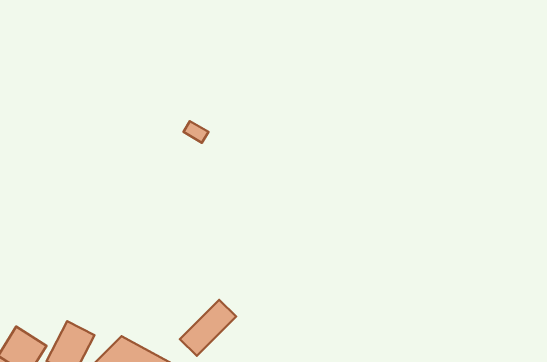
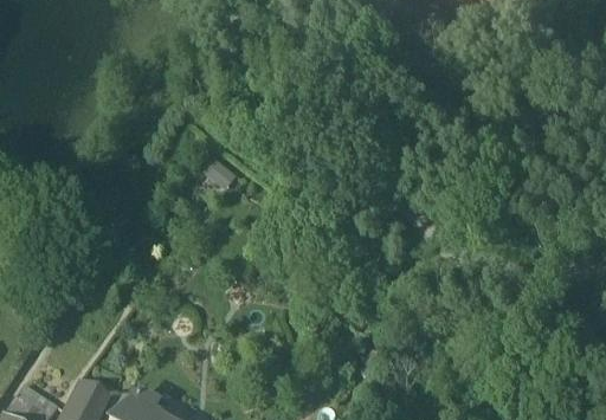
building: [180,300,236,356] -> none

